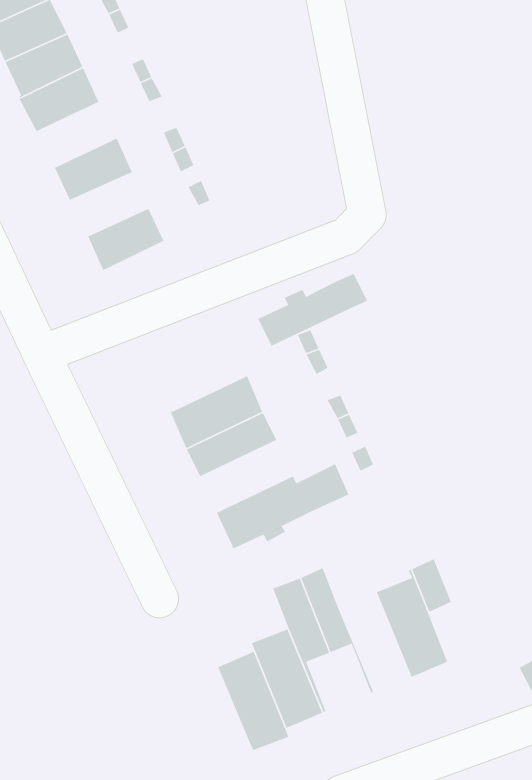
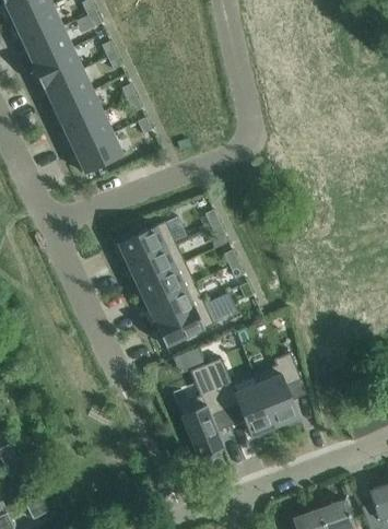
building: none -> [43,69,93,109]
building: none -> [63,113,113,152]
building: [257,273,368,347] -> [117,215,186,261]
building: none -> [144,279,202,324]
building: [217,651,289,751] -> [231,373,275,435]

